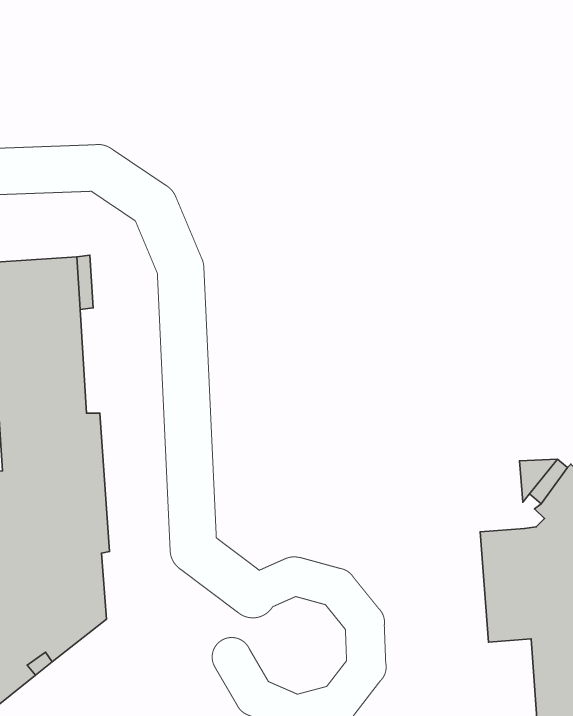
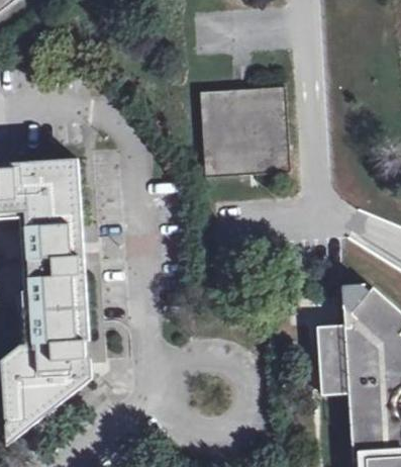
building: none -> [200,86,290,175]

